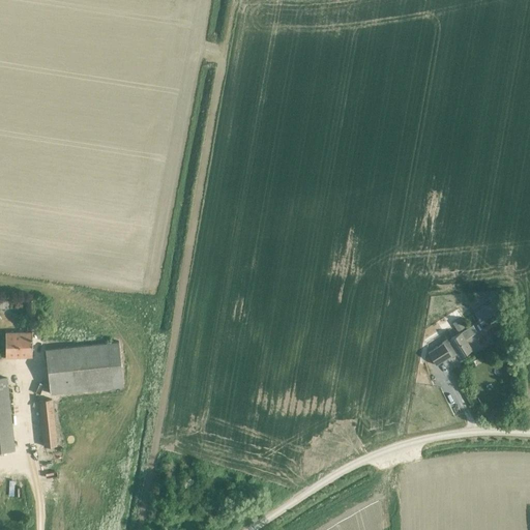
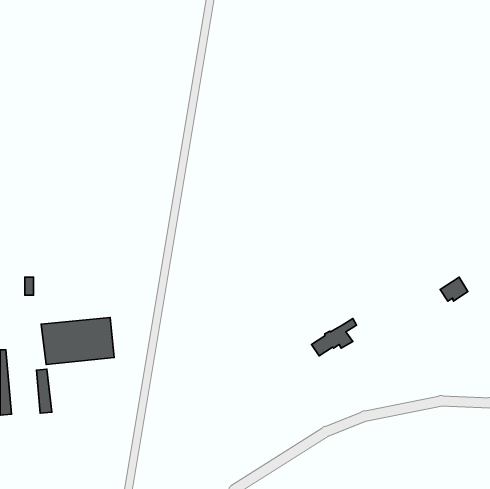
building: [428,326,476,366] -> [311,319,357,356]
building: [5,333,32,358] -> none

